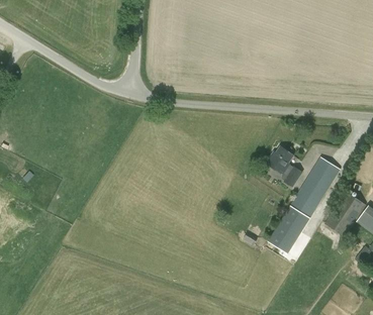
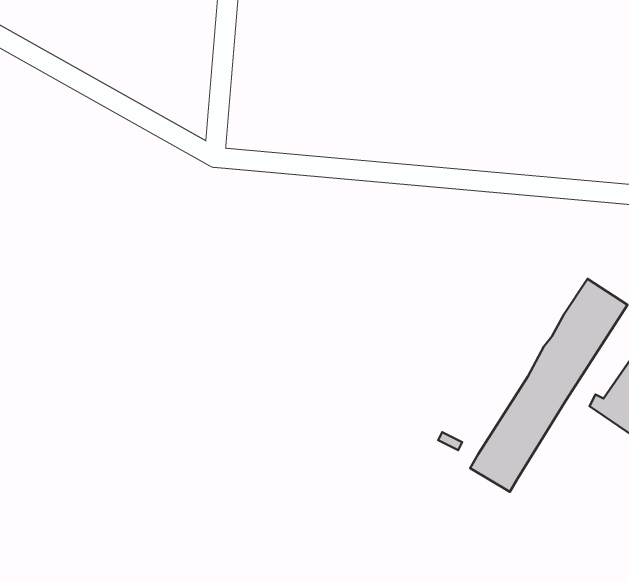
building: [266,146,303,187] -> none

